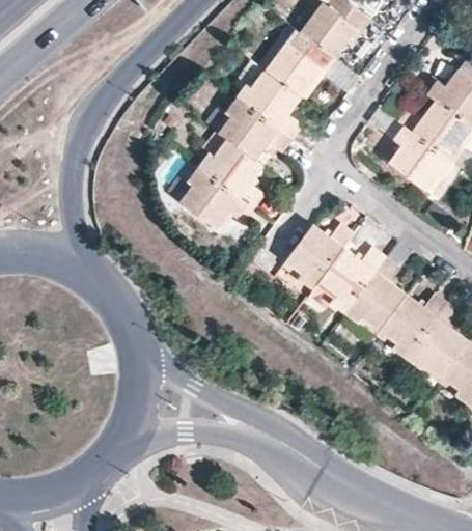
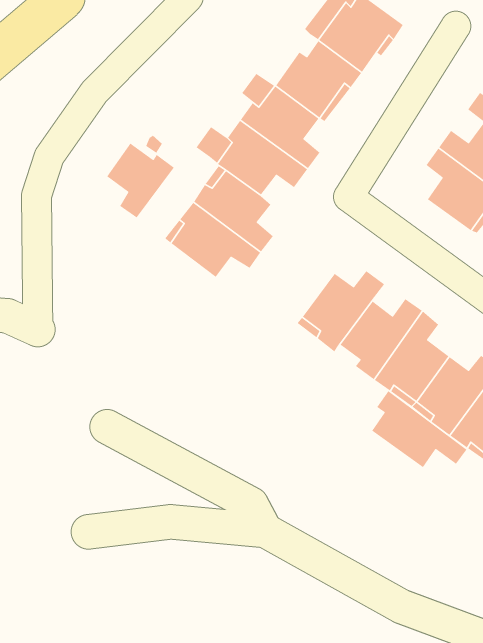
building: none -> [106,143,175,219]
building: none -> [371,390,467,468]

